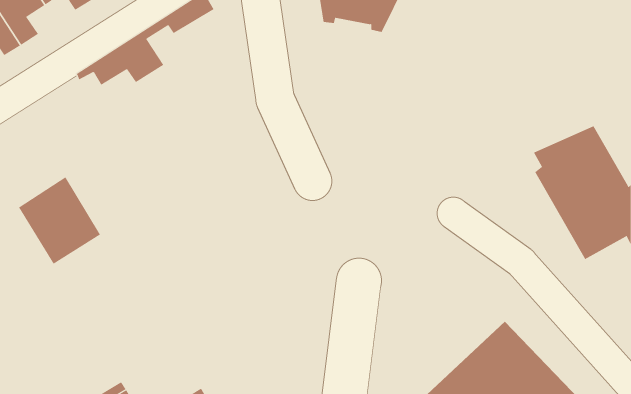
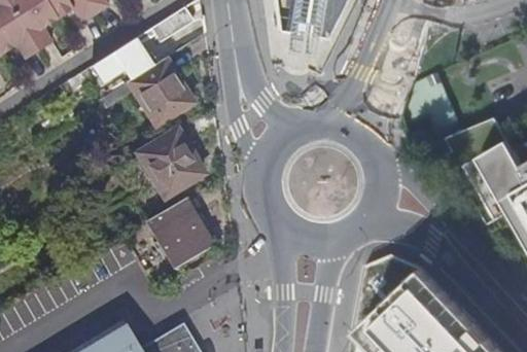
building: none -> [128,58,195,127]
building: [18,176,101,264] -> [138,128,204,198]
building: none -> [147,199,213,267]

